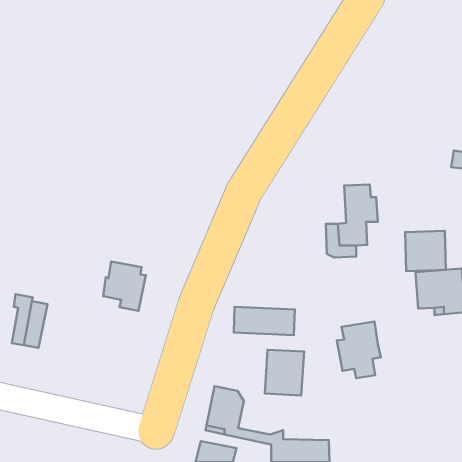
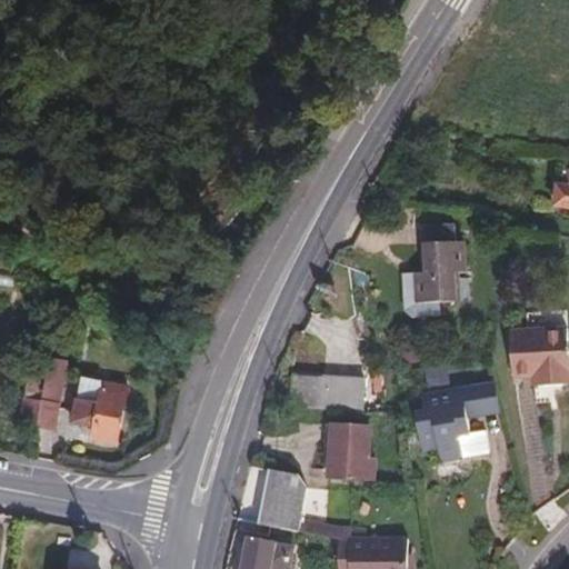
building: [405,231,446,271] -> none
building: [103,262,146,311] -> [73,378,126,438]
building: none -> [461,380,499,419]

